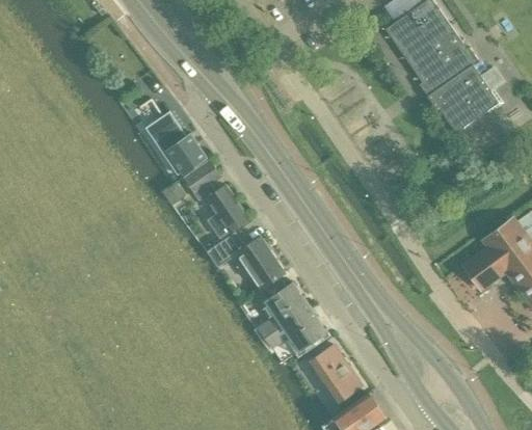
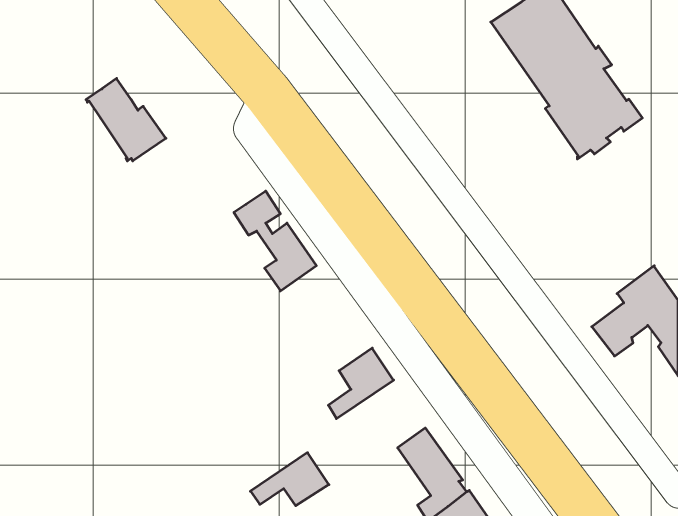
building: [144,111,207,176] -> [86,78,166,161]
building: [207,233,284,289] -> none
building: [263,307,324,349] -> [250,453,329,506]

